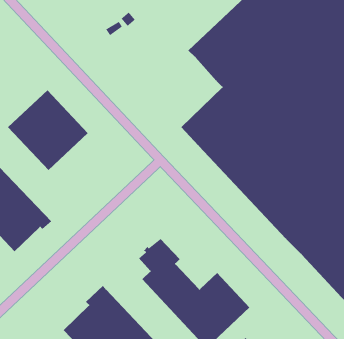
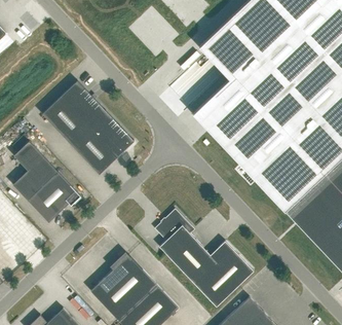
building: none -> [78,119,136,175]

